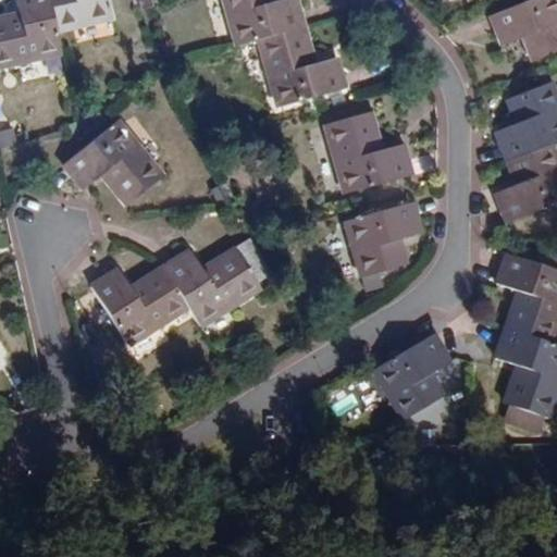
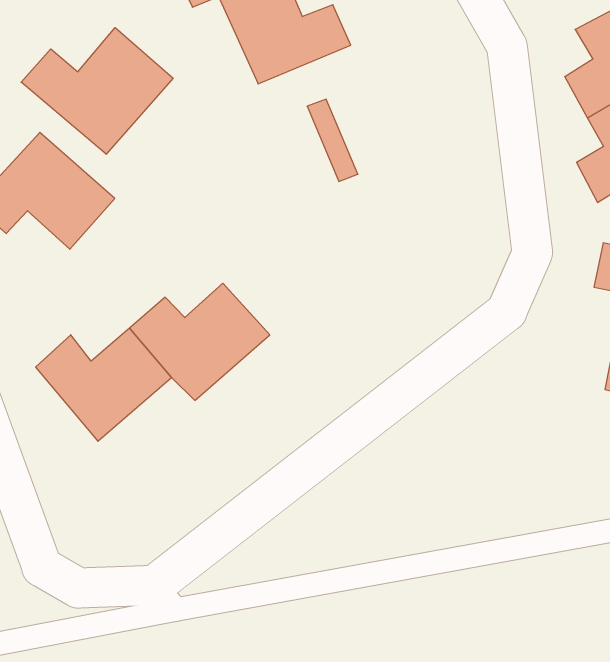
building: none -> [21,28,173,154]
building: [326,111,412,193] -> none
building: [347,201,422,276] -> none
building: [373,335,451,421] -> none

